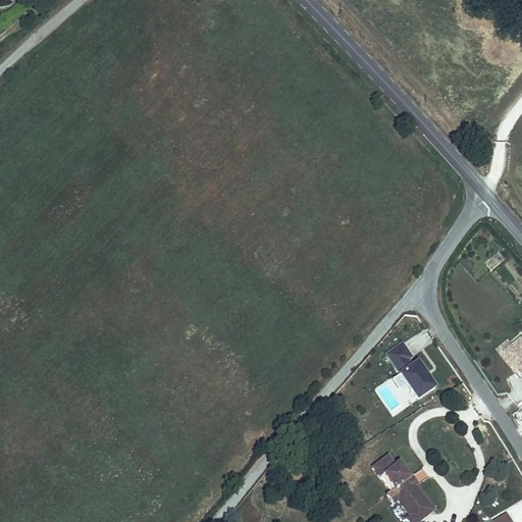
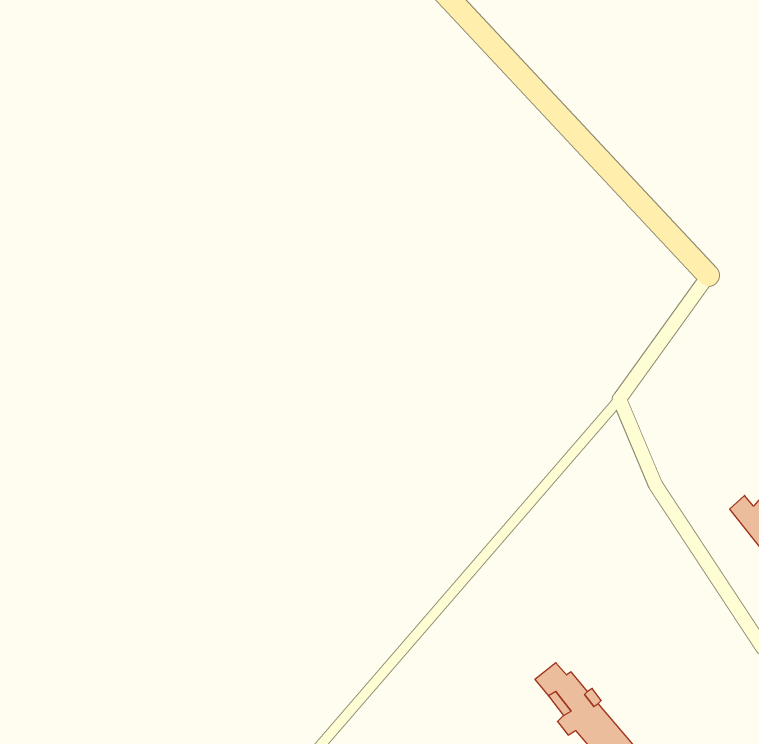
building: [388,340,438,396] -> none

